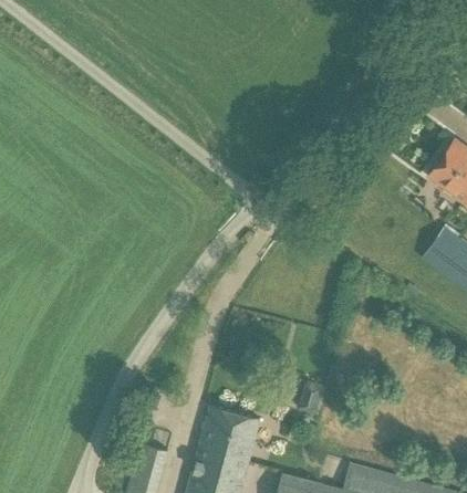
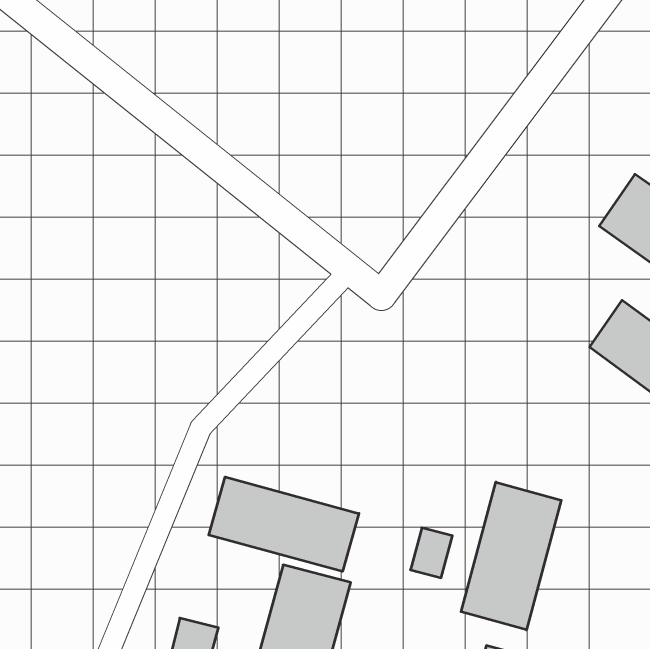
building: none -> [209,477,359,571]
building: none -> [461,482,561,630]

